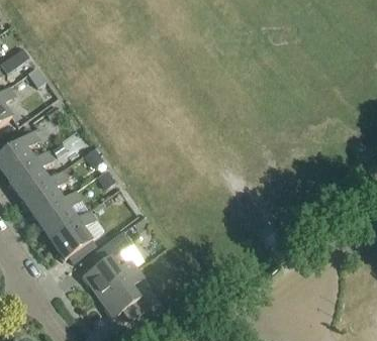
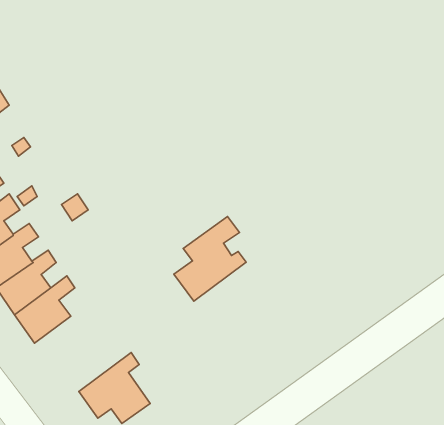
building: [83,232,137,296] -> [174,216,246,301]

